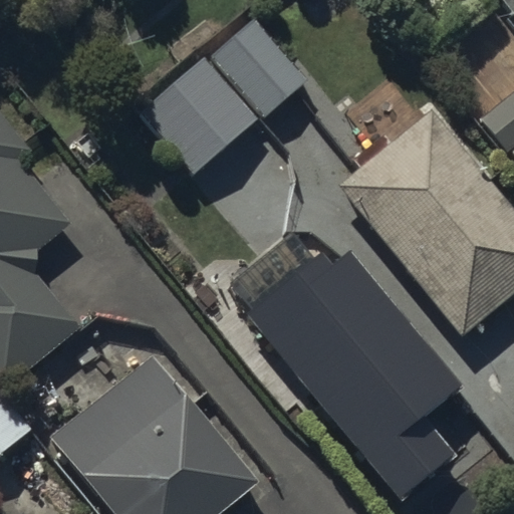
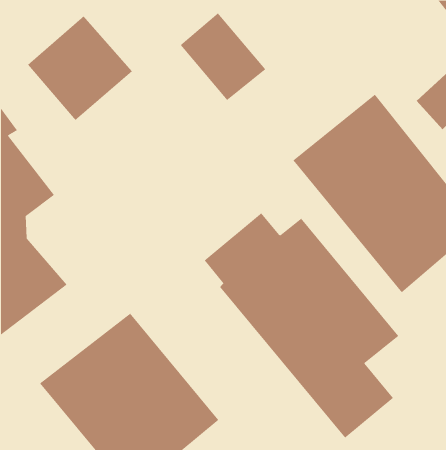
building: [141,55,260,175] -> [27,15,133,121]

